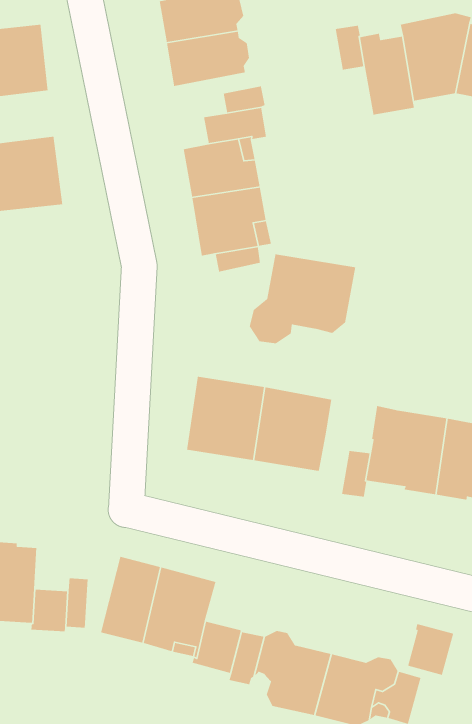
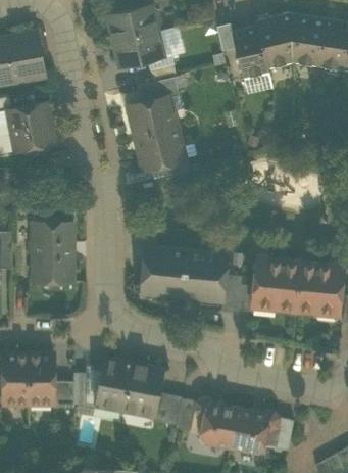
building: [249,253,356,344] -> none
building: none -> [33,222,73,283]
building: none -> [221,275,242,314]
building: [407,623,454,676] -> none

